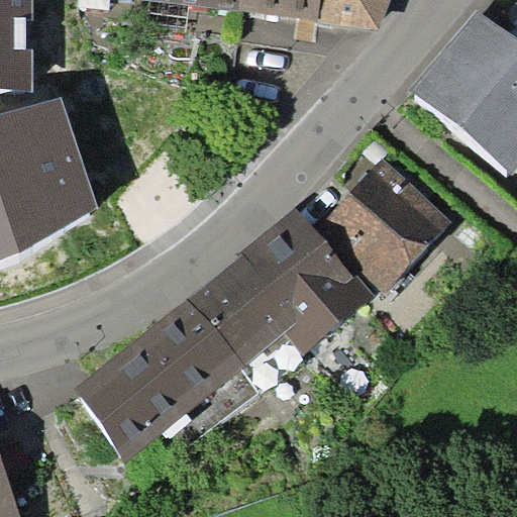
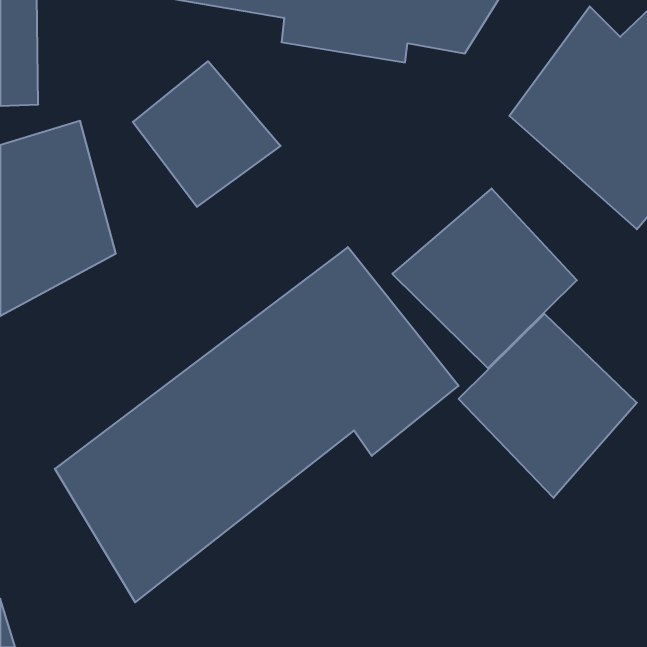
building: none -> [133,61,281,207]
building: none -> [459,314,637,498]

